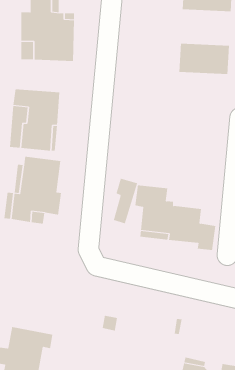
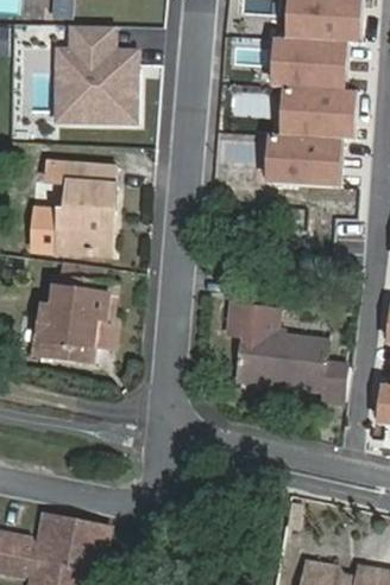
building: none -> [281,43,358,89]
building: none -> [276,144,353,190]
building: [113,178,138,224] -> none

